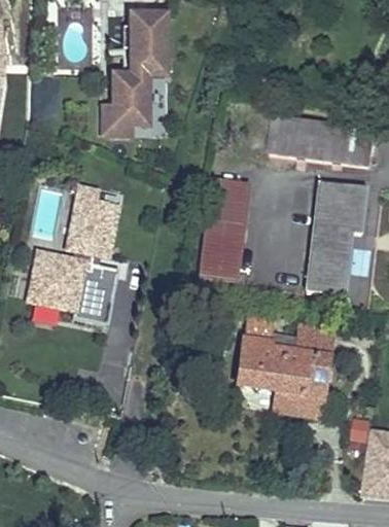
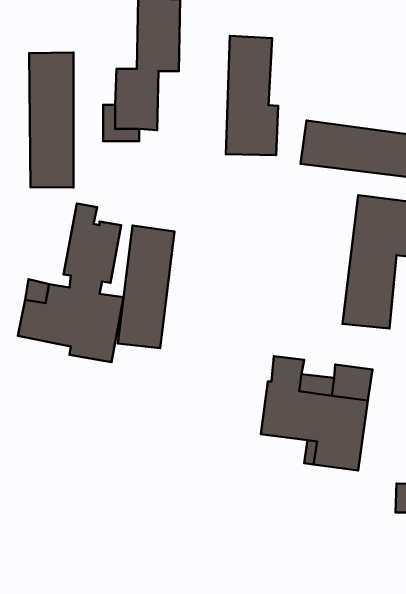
building: none -> [226,36,278,155]
building: none -> [29,52,73,187]
building: [199,176,247,281] -> [118,226,175,348]

